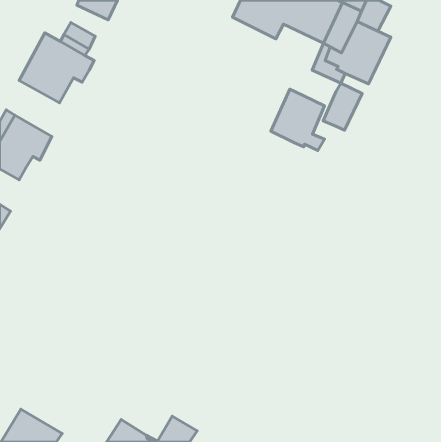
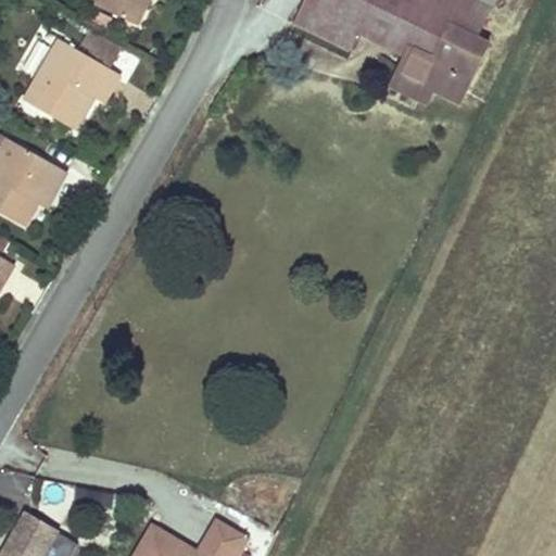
building: [323,83,362,130] -> none
building: [271,89,325,150] -> none

